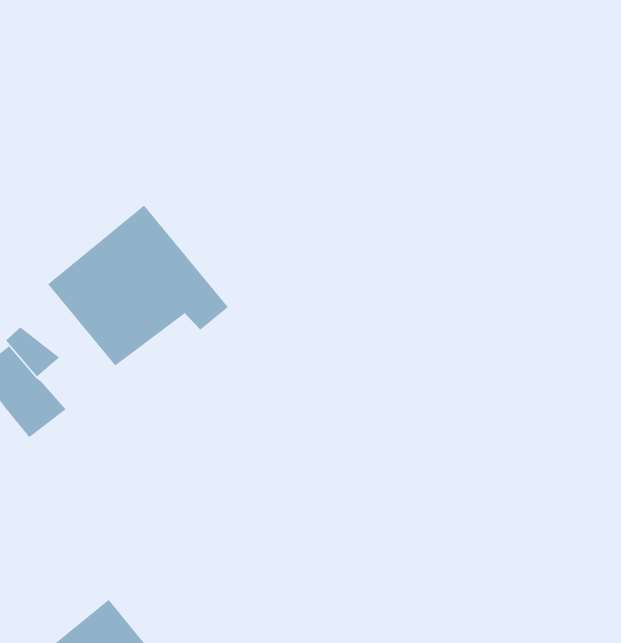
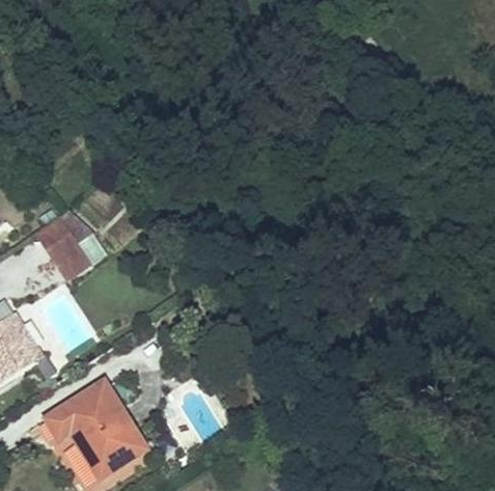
building: [47,204,229,366] -> none

